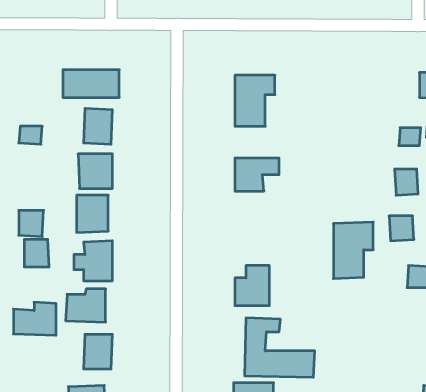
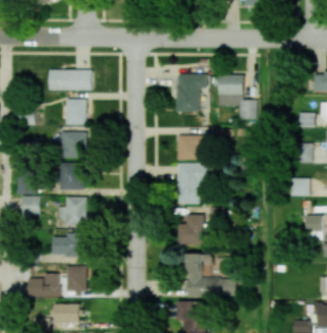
building: none -> [218,74,257,119]
building: [333,222,373,279] -> [176,163,206,205]
building: [13,302,56,335] -> [26,273,58,297]

